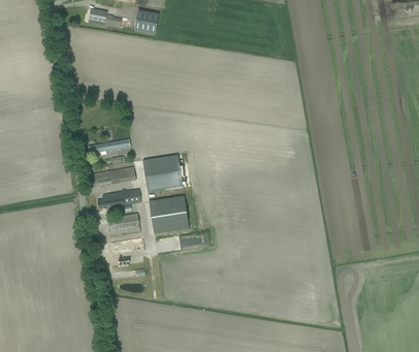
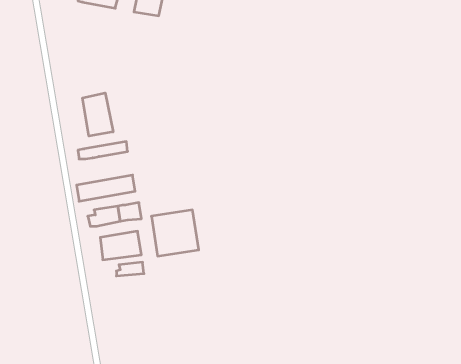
building: none -> [83,93,113,136]
building: [142,155,185,193] -> none

